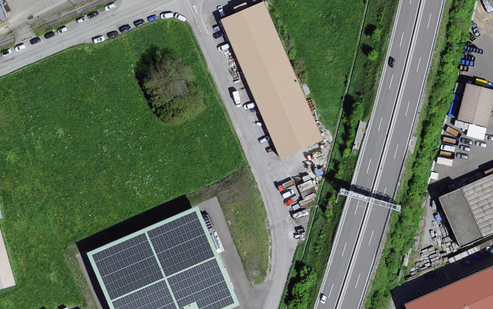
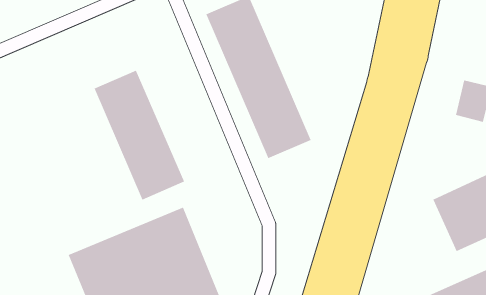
building: none -> [94,70,185,200]

